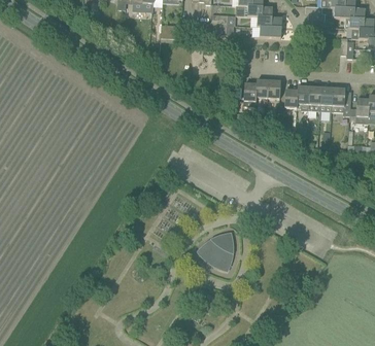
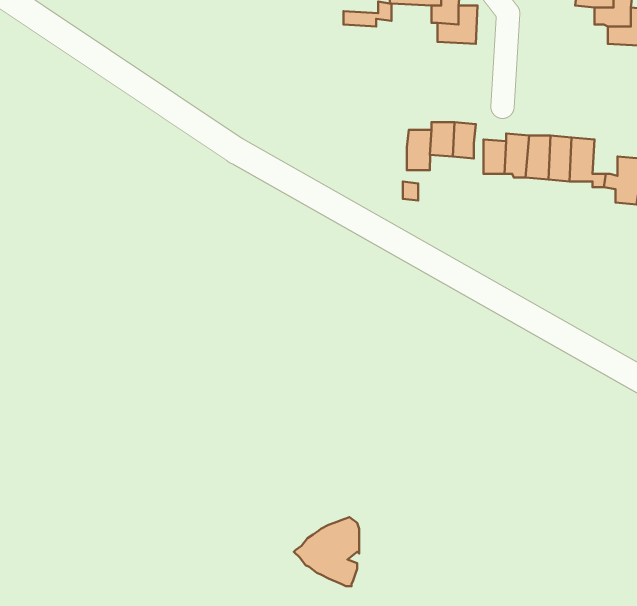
building: [198,233,233,270] -> [294,517,359,586]

